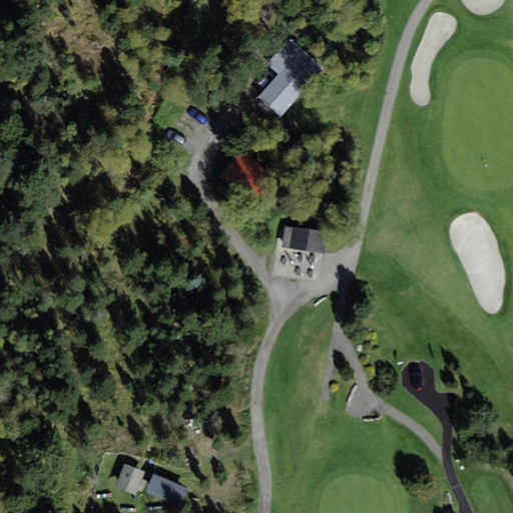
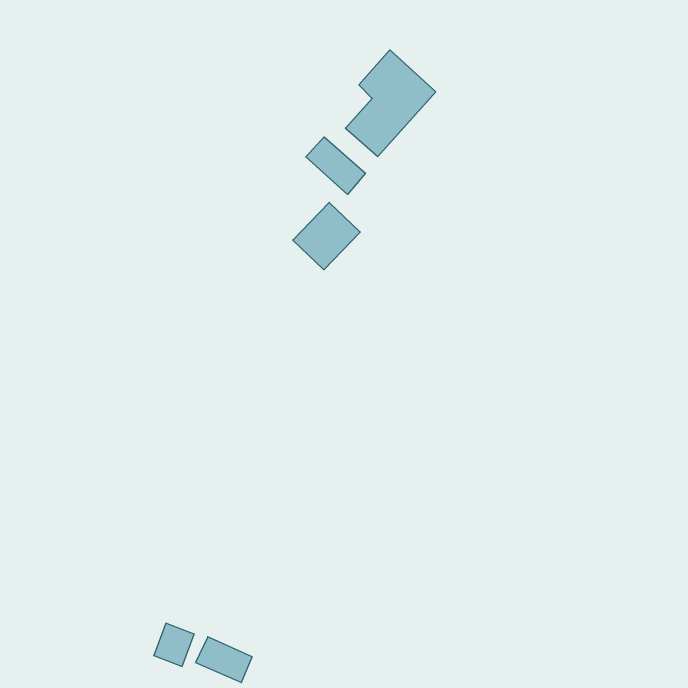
building: none -> [306,137,365,194]
building: [282,226,326,252] -> none

